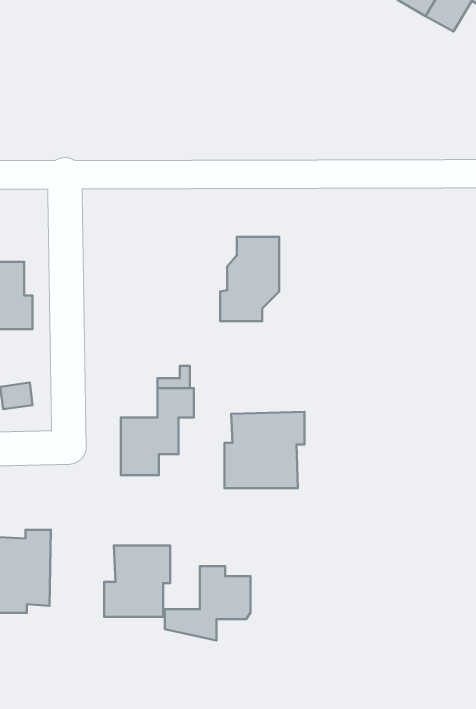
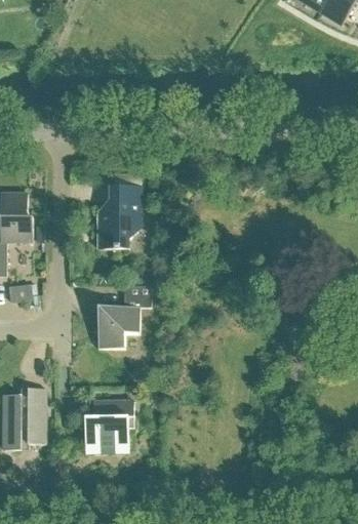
building: [220,237,279,321] -> [97,186,141,247]
building: [225,412,305,488] -> none
building: [165,566,251,641] -> none

